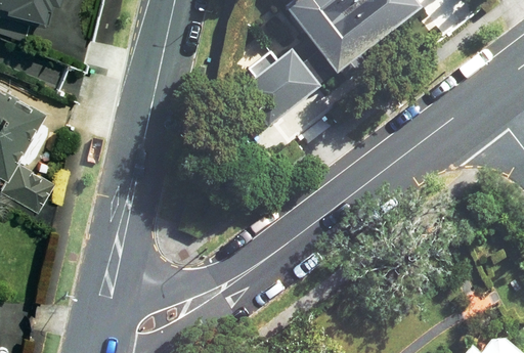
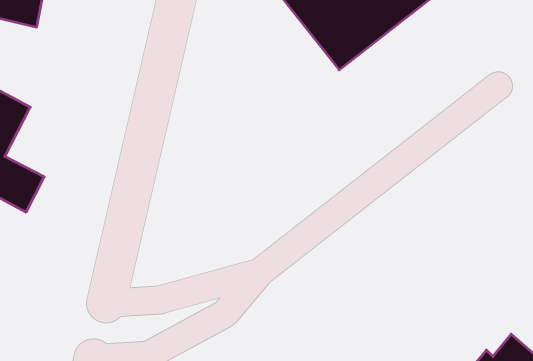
building: [241,48,321,125] -> none

